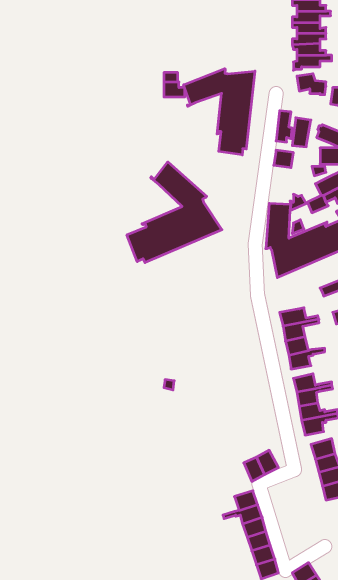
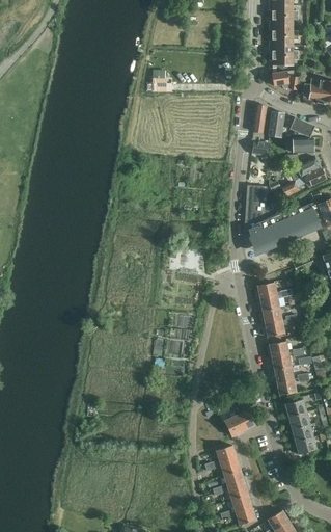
building: [184,69,255,155] -> none
building: [127,162,222,263] -> none

